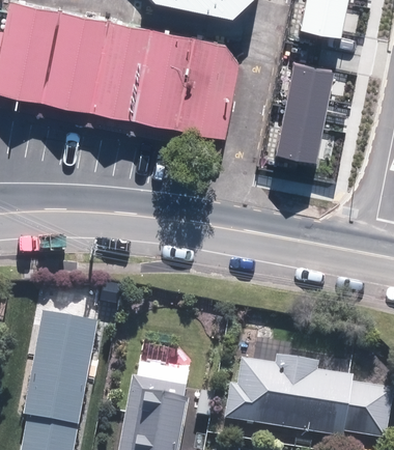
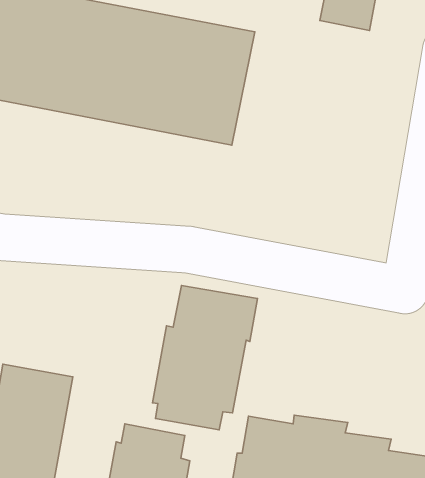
building: [273,65,332,166] -> none
building: none -> [152,285,257,430]

